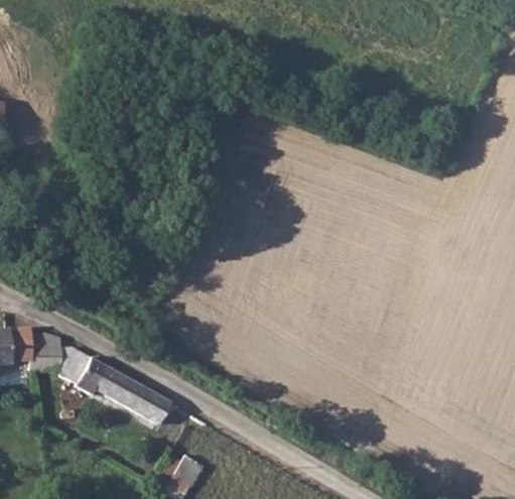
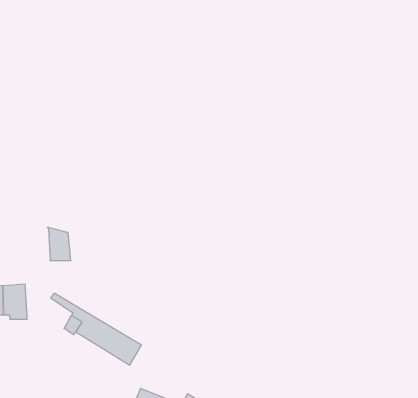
building: [36,331,62,368] -> [47,227,71,261]

